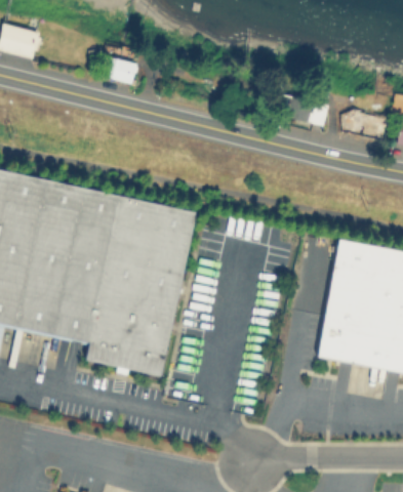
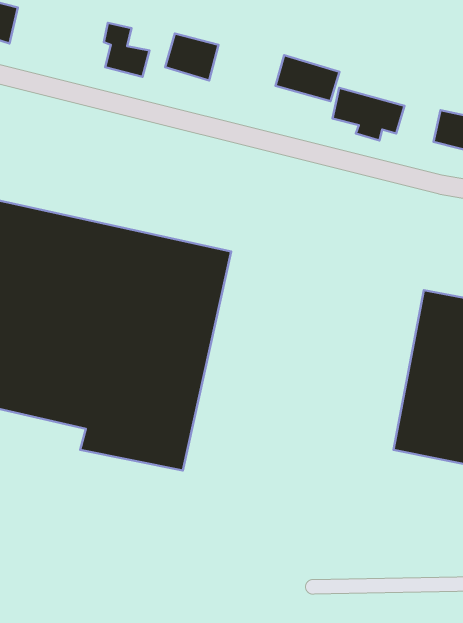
building: none -> [165,33,219,81]
building: none -> [276,55,340,101]

